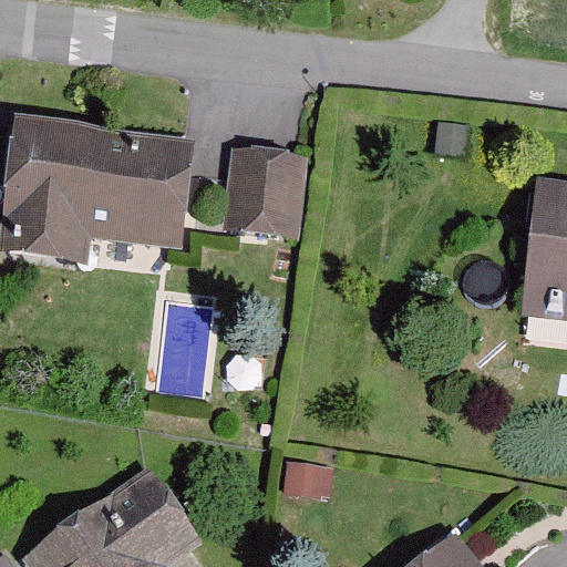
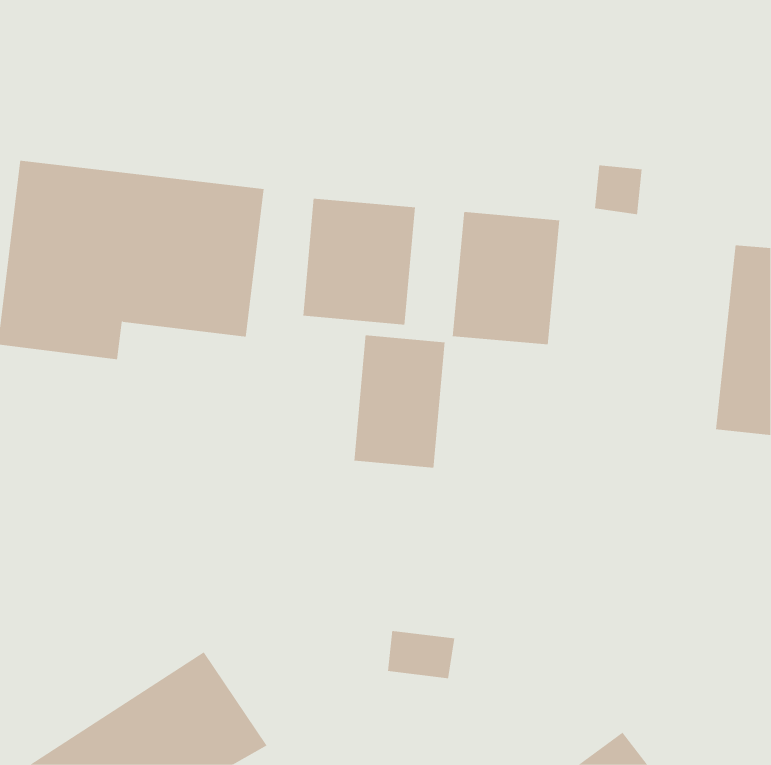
building: none -> [452,211,560,345]
building: none -> [354,335,445,468]

